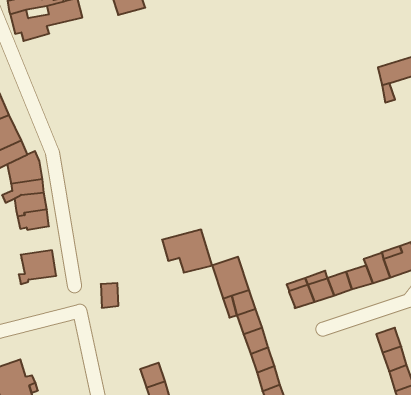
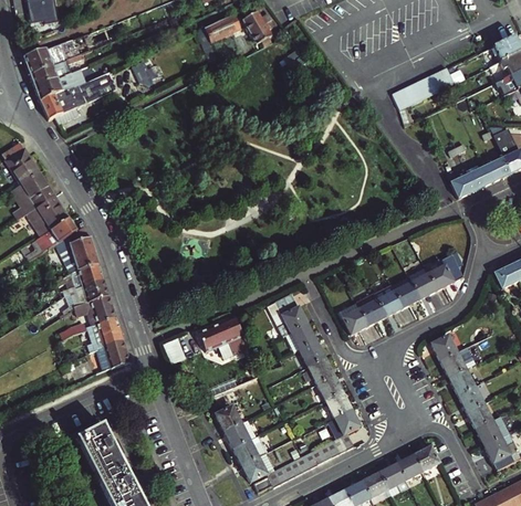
building: none -> [71,293,115,329]
building: [162,230,212,273] -> [197,317,248,360]
building: none -> [86,338,131,372]

